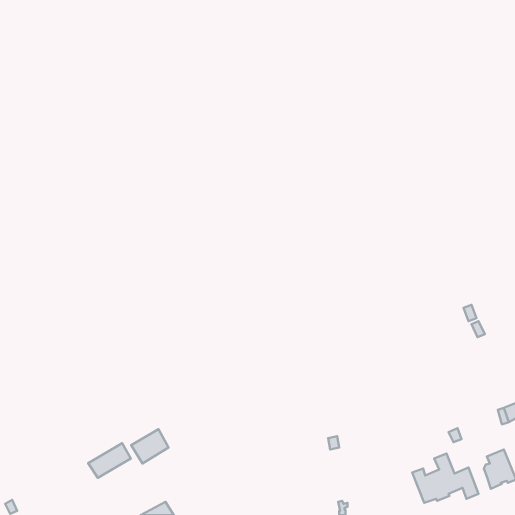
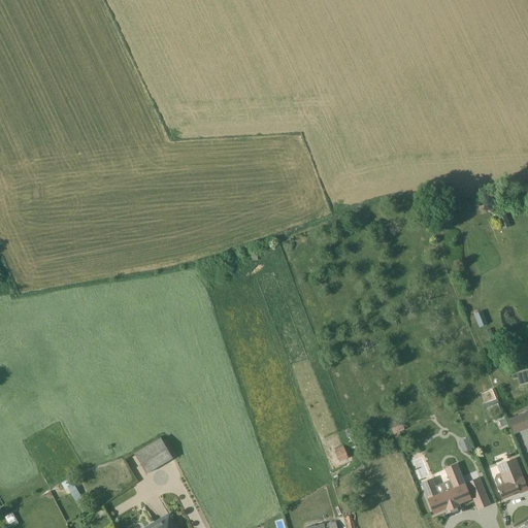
building: [88,443,131,478] -> none

